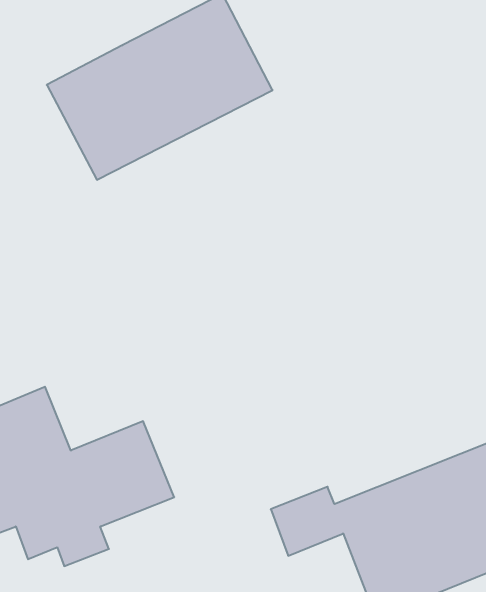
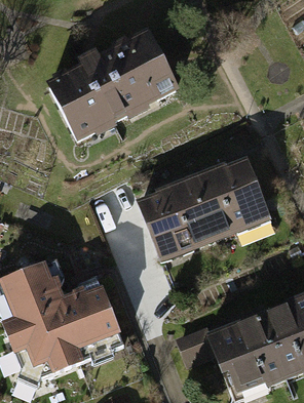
building: none -> [140,163,274,265]

